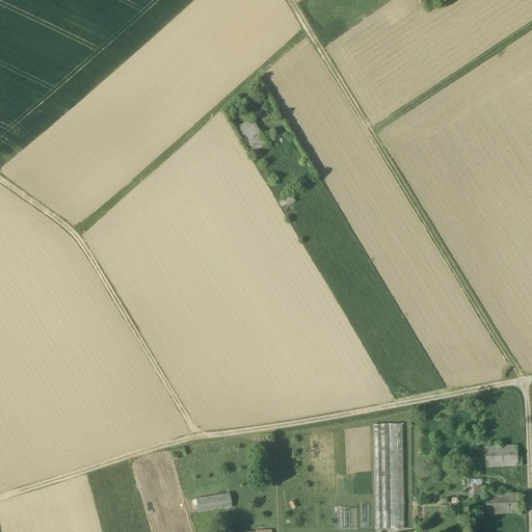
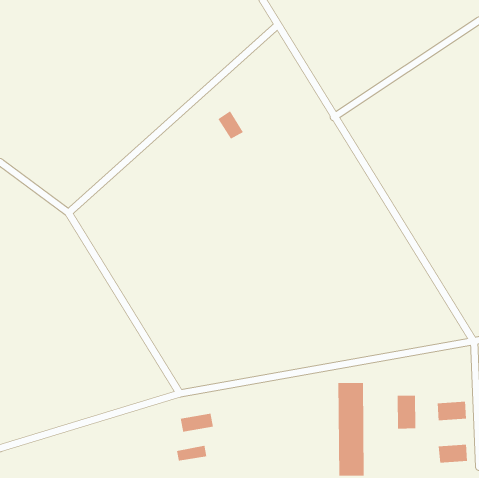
building: none -> [397,395,416,429]
building: none -> [180,413,213,432]

